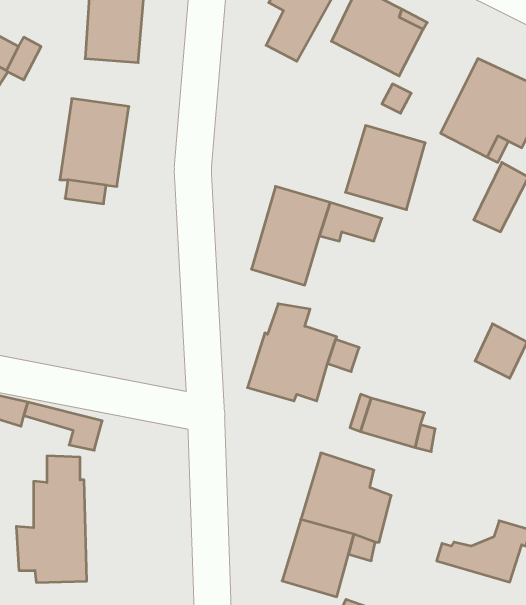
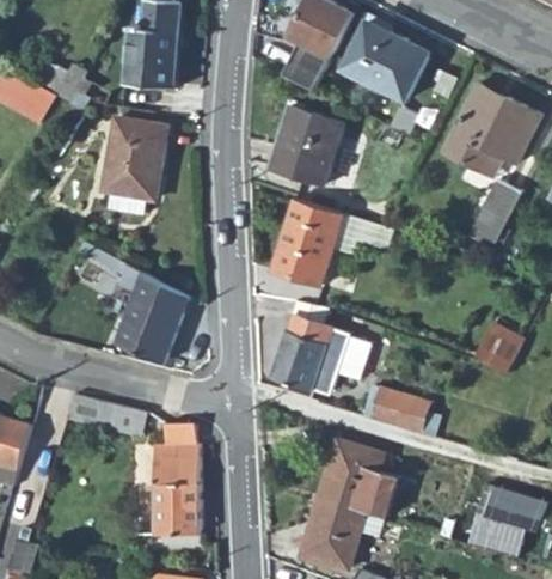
building: [345,126,425,210] -> [271,108,343,183]
building: none -> [74,243,184,364]
building: [16,456,87,582] -> [136,422,200,536]

